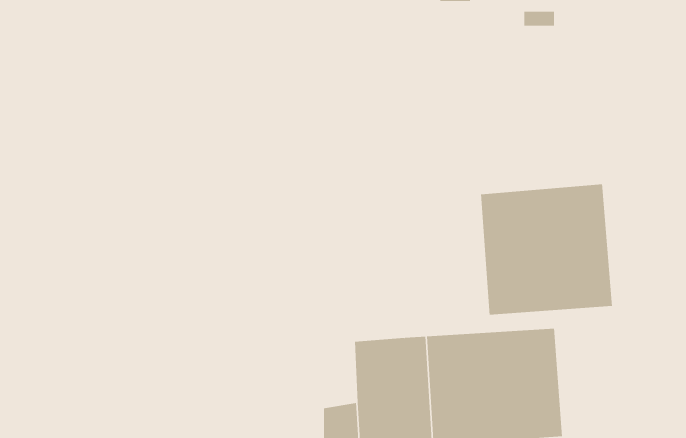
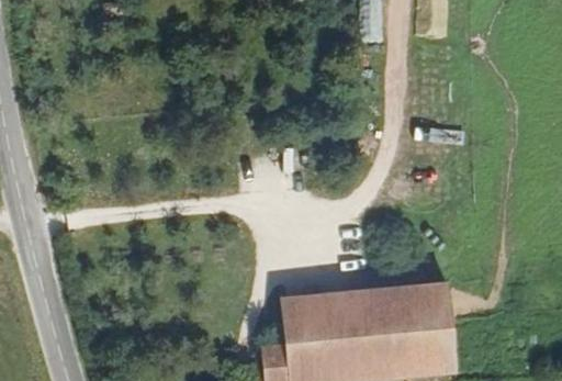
building: [480,183,613,316] -> none

